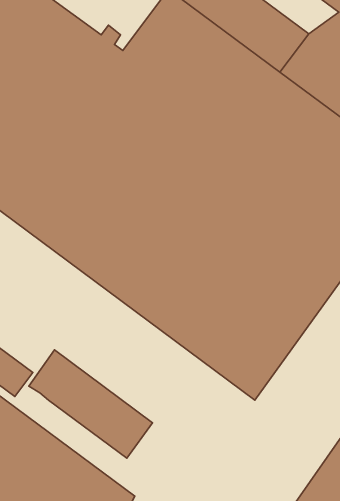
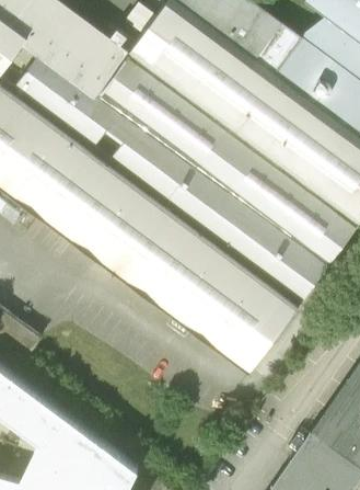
building: [29,350,153,458] -> none

